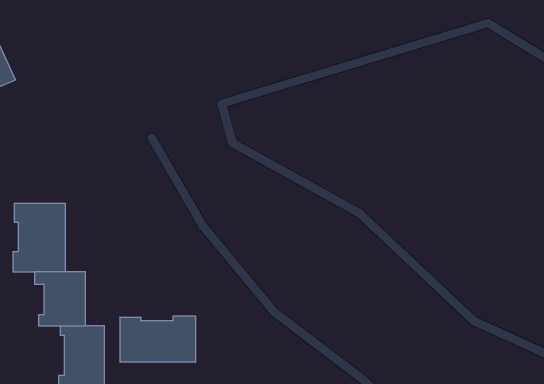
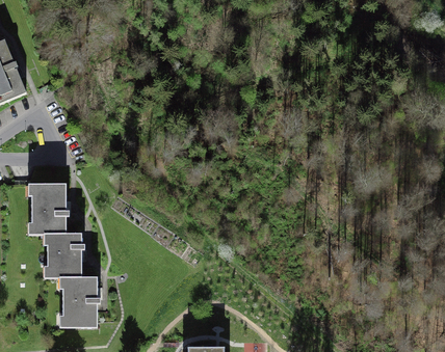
building: [120,316,195,362] -> none

